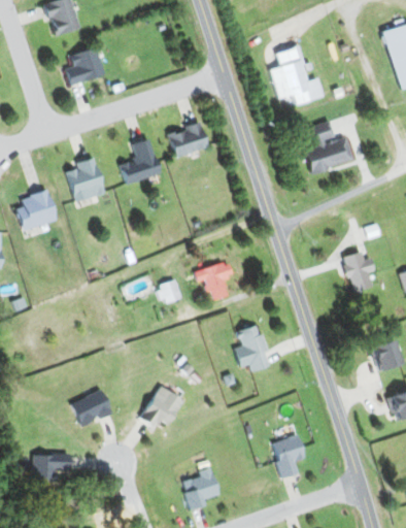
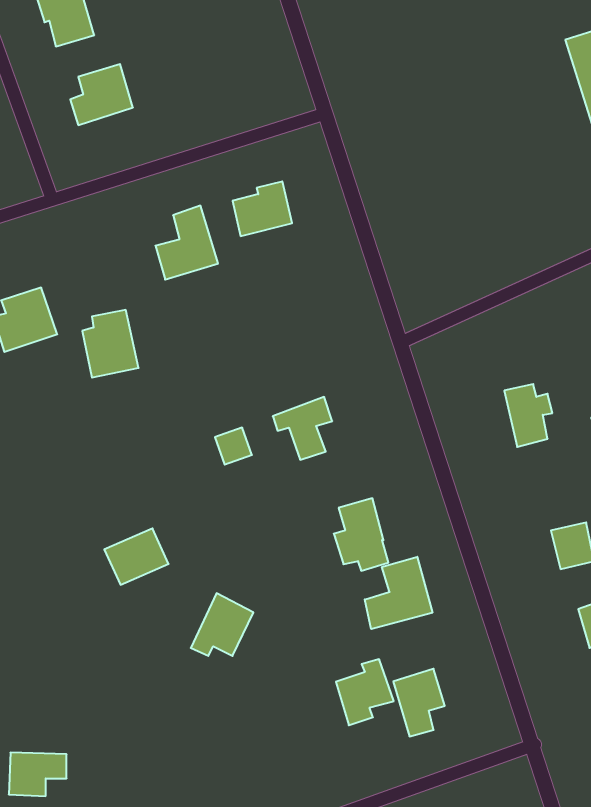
building: [270,46,323,104] -> none
building: [304,121,353,172] -> none
building: [67,158,103,201] -> [82,310,139,378]
building: none -> [365,557,432,629]
building: [70,390,111,426] -> [104,528,169,585]
building: [32,454,69,482] -> [9,753,67,796]
building: [182,467,219,509] -> [336,659,394,725]

